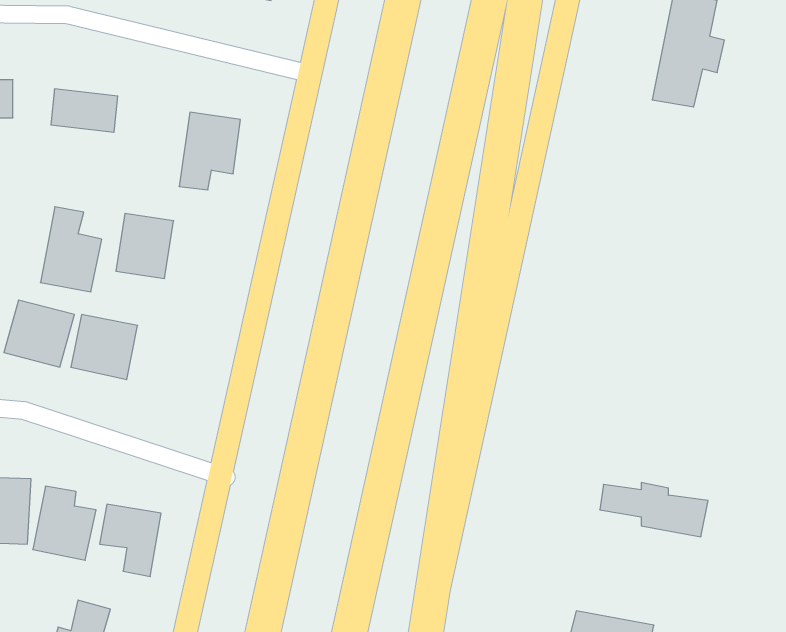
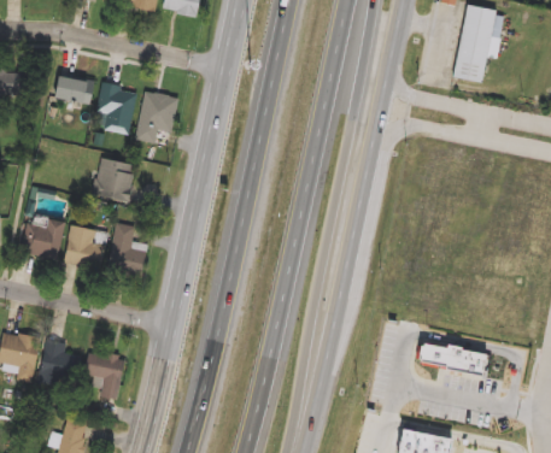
building: none -> [96,82,137,134]
building: [40,207,102,292] -> [107,223,148,280]

